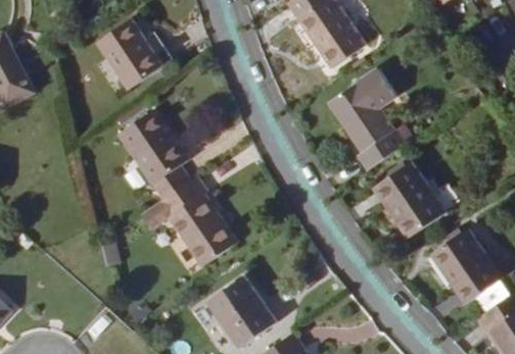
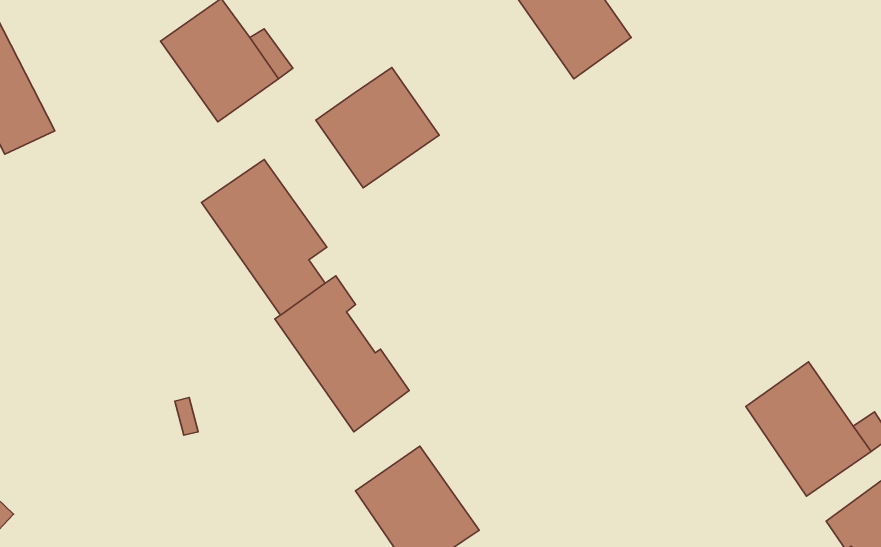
building: none -> [316,68,439,188]
building: [319,73,395,175] -> none
building: [374,160,446,236] -> none

